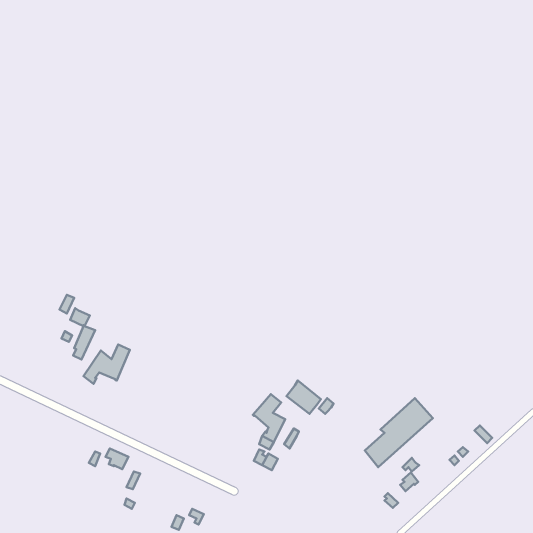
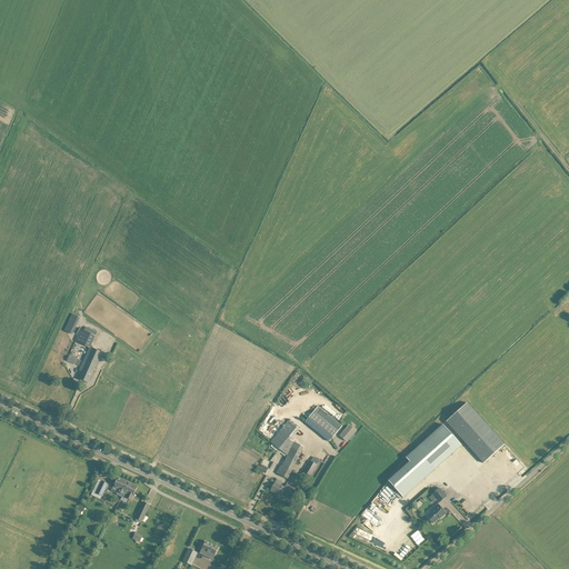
building: [83,344,130,384] -> none
building: none -> [445,401,503,462]

